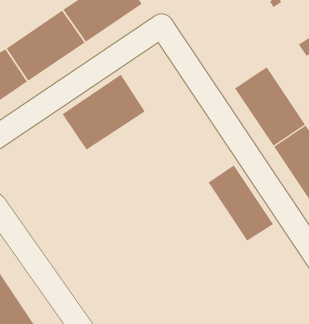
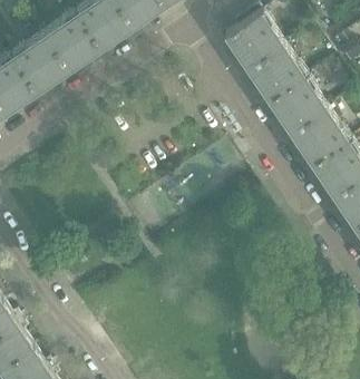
building: none -> [224,9,304,103]
building: [62,74,145,151] -> none
building: [208,165,274,241] -> none

